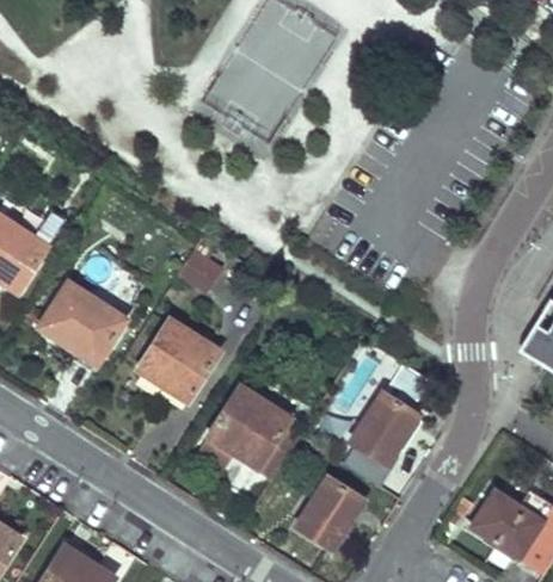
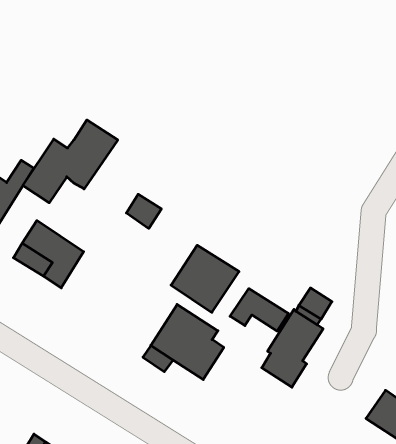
building: none -> [23,120,118,203]
building: [136,320,220,402] -> [171,245,239,312]
building: none -> [230,289,288,331]
building: [294,476,362,549] -> none

